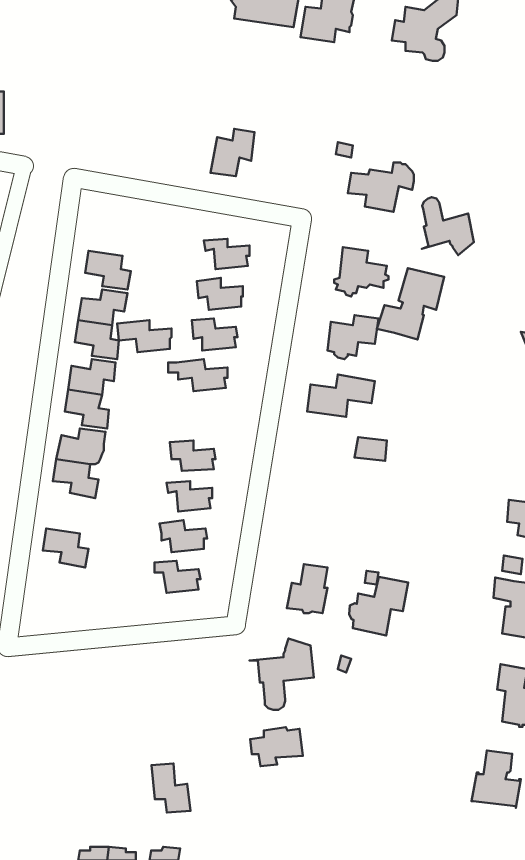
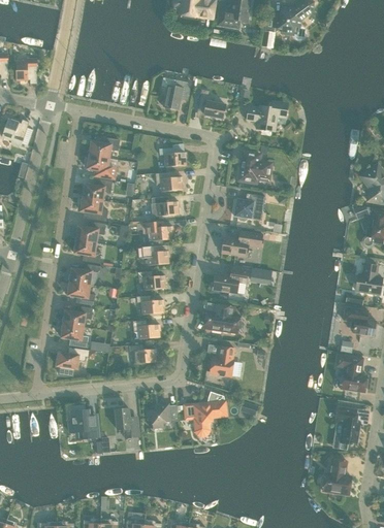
building: none -> [197,90,224,118]
building: [422,197,474,255] -> none
building: none -> [88,136,118,158]
building: [377,268,444,340] -> none
building: [117,320,172,352] -> [135,245,168,265]
building: none -> [212,267,248,293]
building: none -> [62,305,92,327]
building: none -> [205,306,235,331]
building: none -> [56,346,88,376]
building: [349,577,408,635] -> none
building: none -> [67,409,98,437]
building: [250,727,303,766] -> [146,403,178,427]
building: [152,763,190,813] -> [115,407,138,437]

